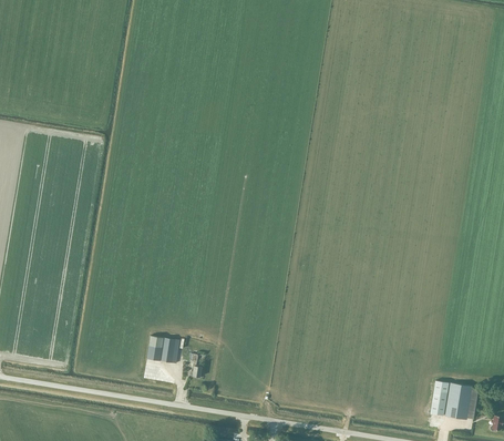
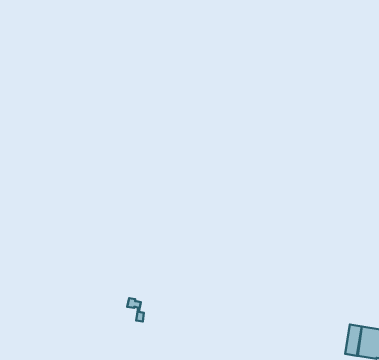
building: [150,337,183,365] -> none

